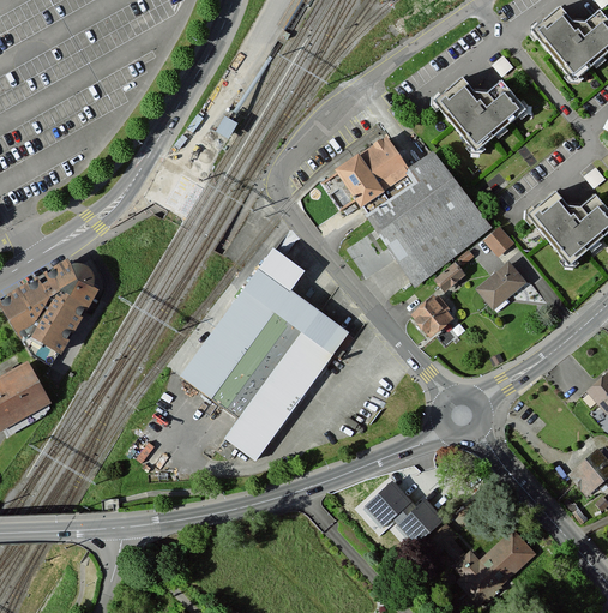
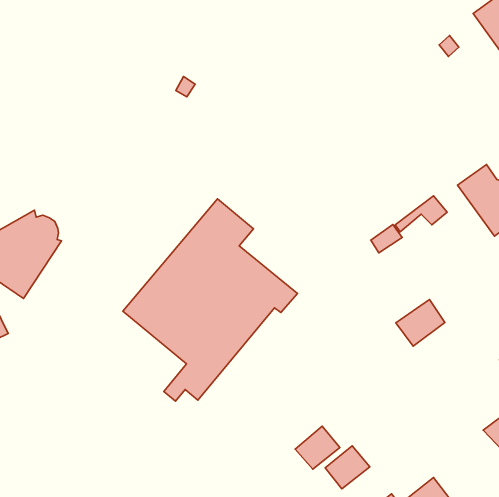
building: [429,73,524,150] -> none
building: [325,140,490,280] -> none
building: [475,260,528,312] -> [396,299,445,346]
building: [409,293,457,338] -> none

